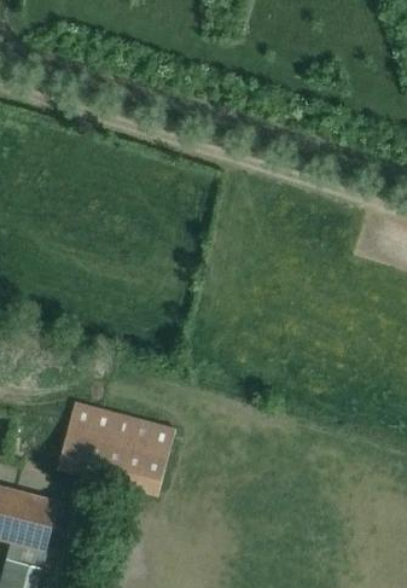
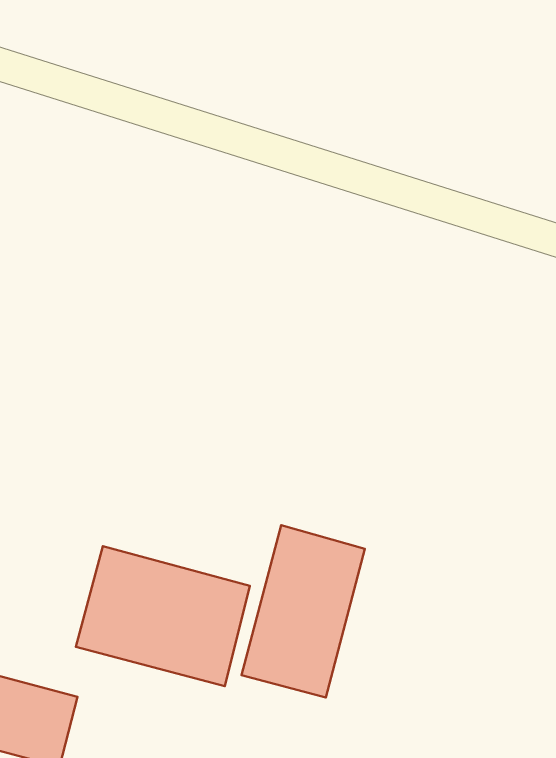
building: none -> [241,525,365,697]

